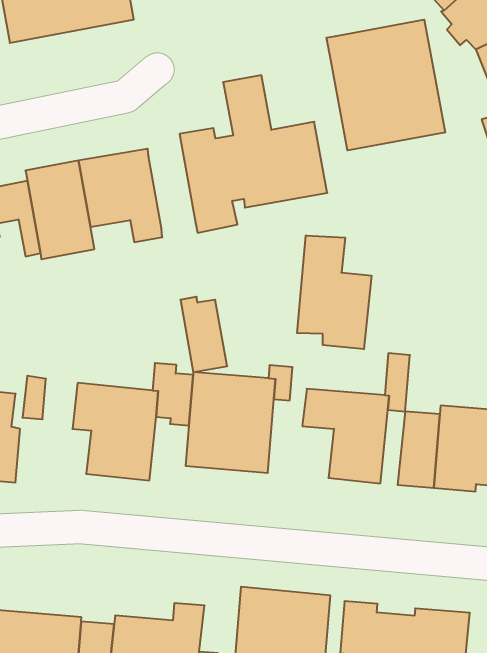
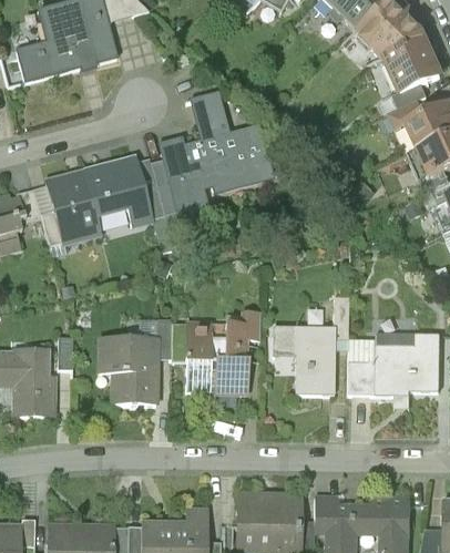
building: [327,20,445,150] -> none
building: [297,235,371,349] -> none
building: [180,297,227,372] -> [136,158,176,216]

